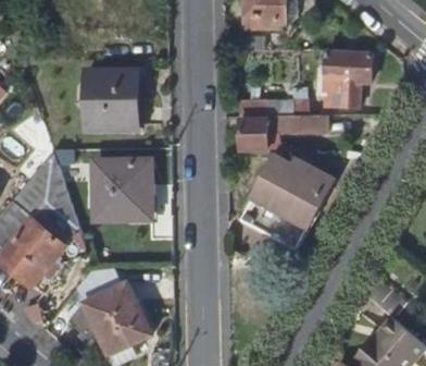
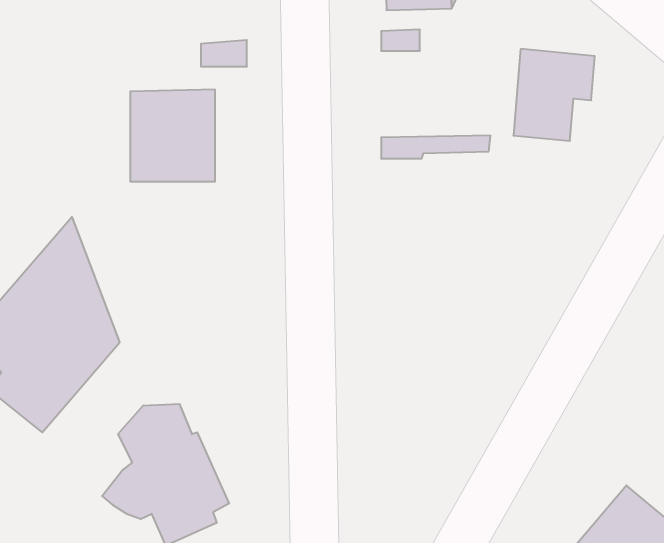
building: [240,113,327,149] -> none
building: [241,151,336,244] -> none
building: [98,167,150,221] -> none

